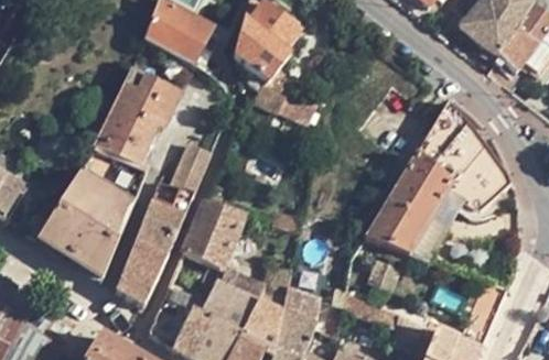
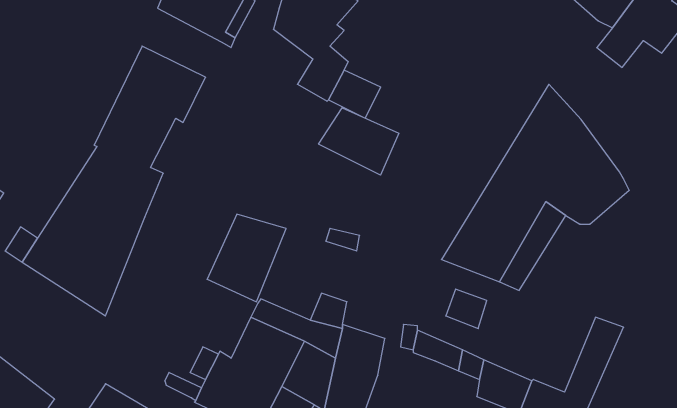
building: none -> [319,108,399,175]
building: [116,142,212,305] -> none

